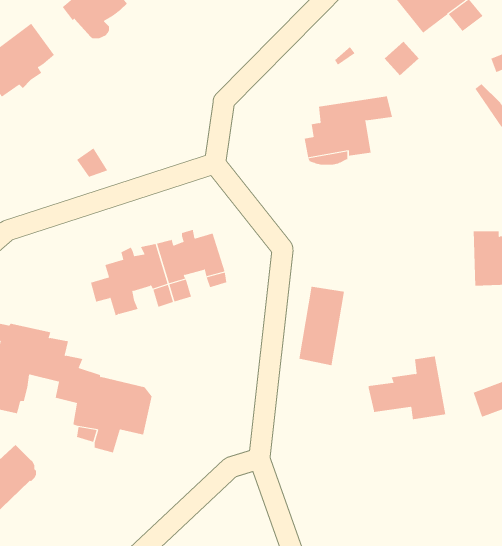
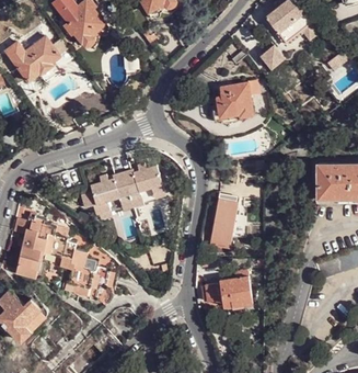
building: [368,356,446,420] -> [205,268,253,307]

